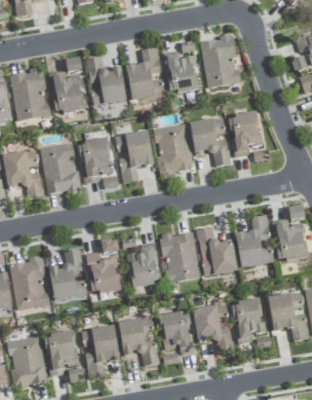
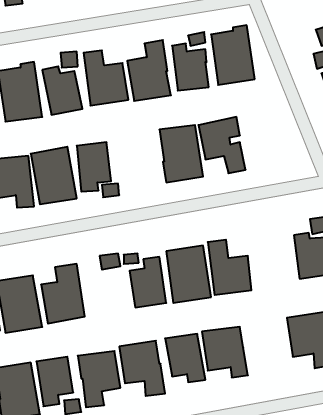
building: [229,111,261,156] -> none
building: [115,129,154,182] -> none
building: [235,214,274,266] -> none
building: [85,251,120,293] -> none
building: [232,297,266,342] -> none

